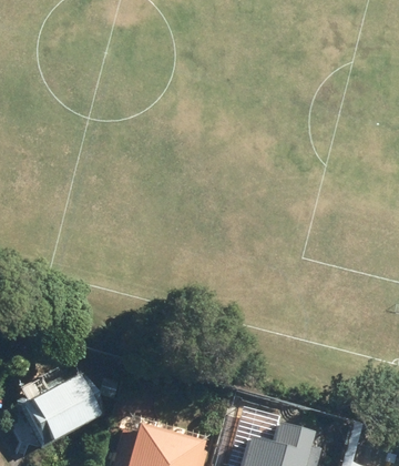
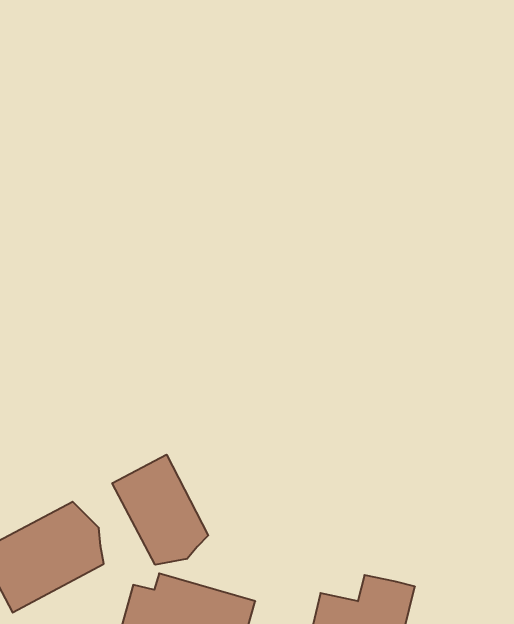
building: none -> [112,455,208,565]

